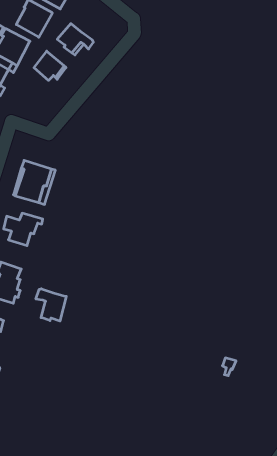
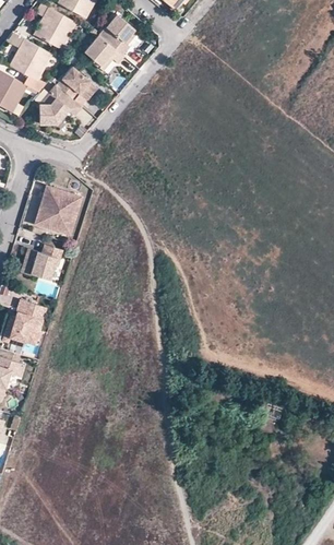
building: none -> [97,12,135,51]
building: none -> [38,82,82,121]
building: [36,289,66,321] -> none

